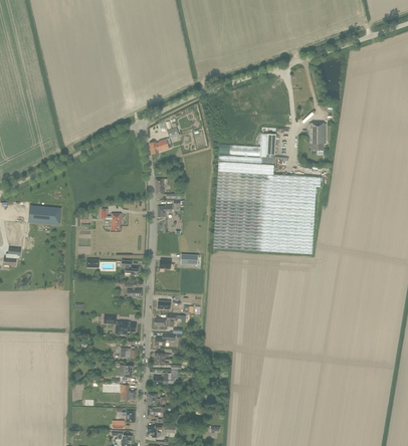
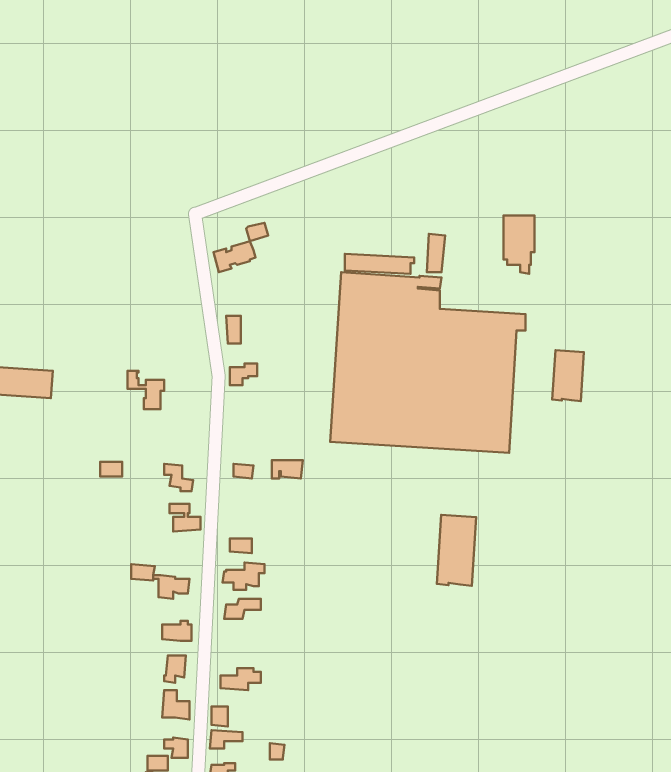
building: none -> [552,350,584,401]
building: none -> [437,515,476,586]

